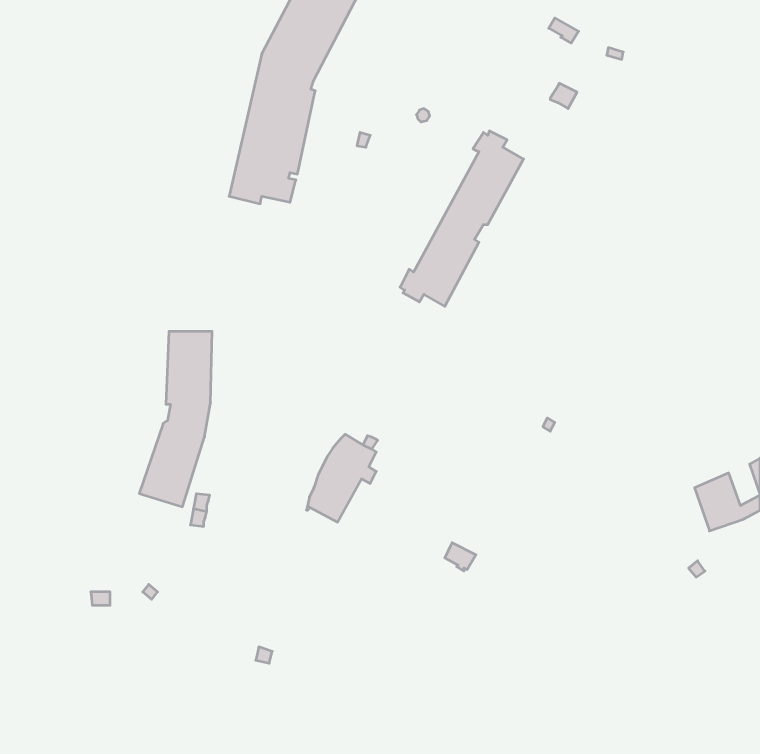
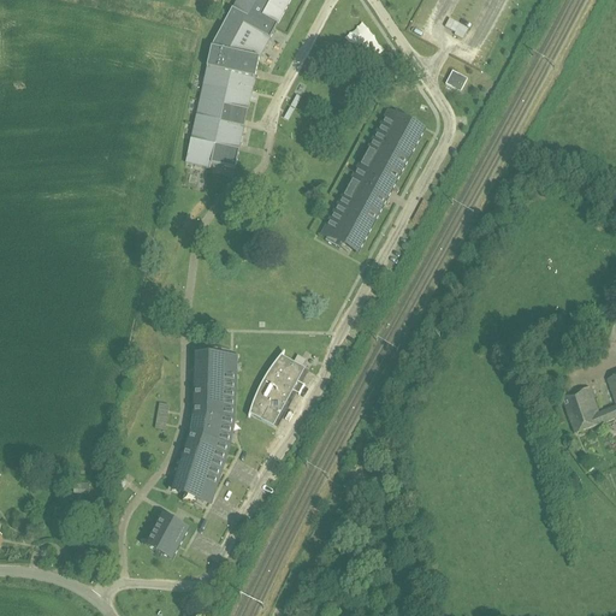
building: [139,331,212,507] -> [171,354,230,496]
building: none -> [146,511,189,556]

